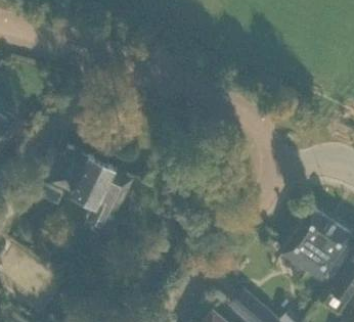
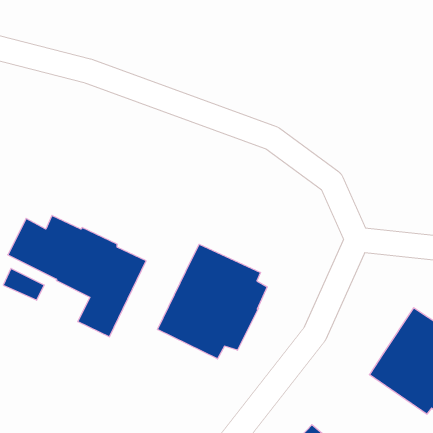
building: none -> [158,244,267,359]

